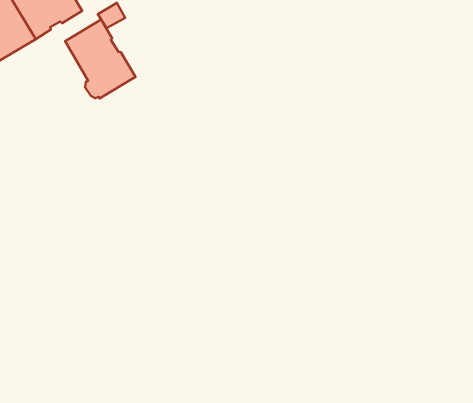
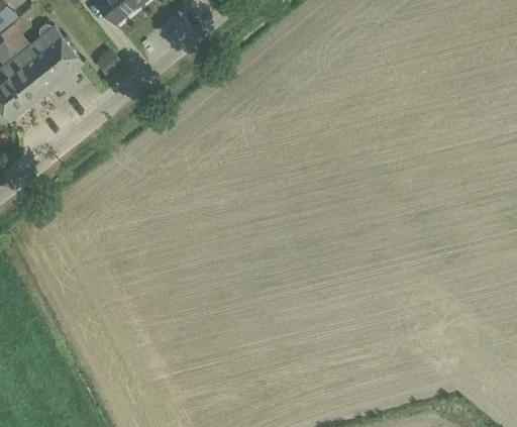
building: [65,19,136,99] -> none

